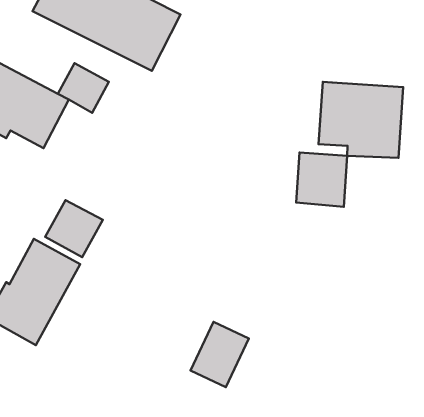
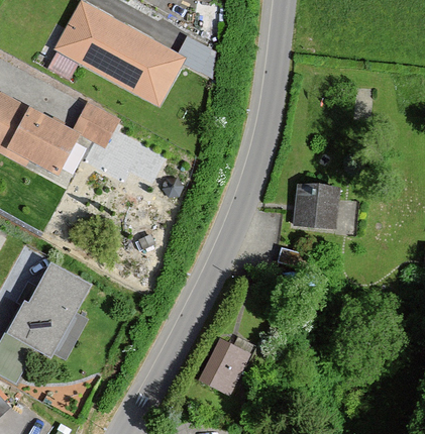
building: [319,82,403,158] -> none
building: [45,200,103,257] -> none

